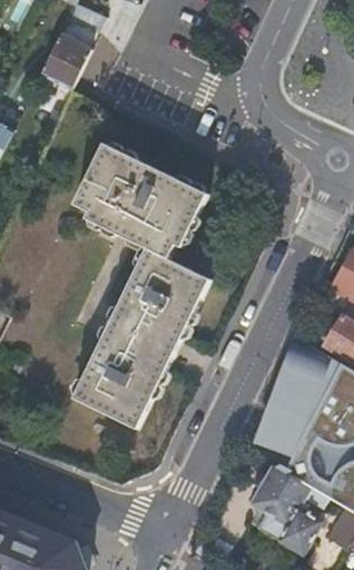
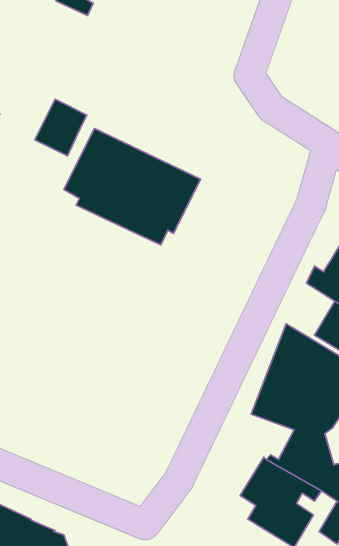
building: [38,36,89,91] -> [35,99,87,156]
building: [76,248,213,430] -> none

